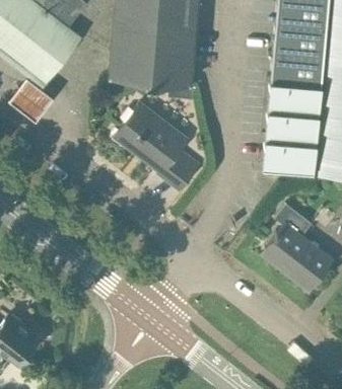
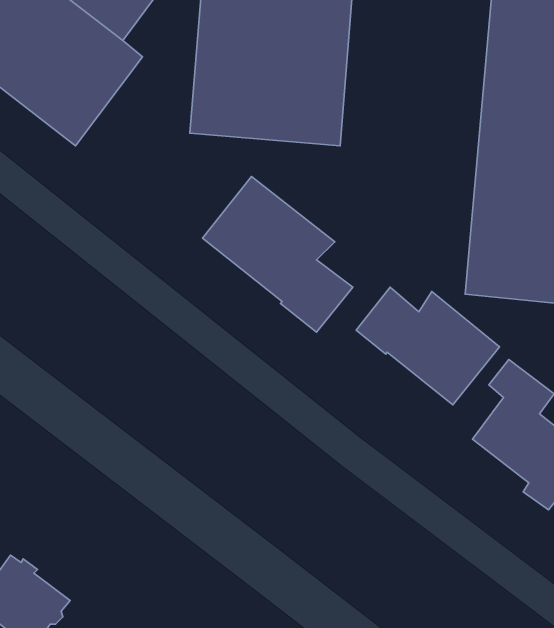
building: [11,78,54,121] -> none
building: none -> [356,287,500,405]

